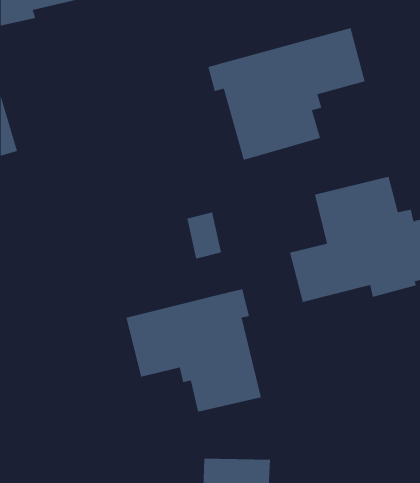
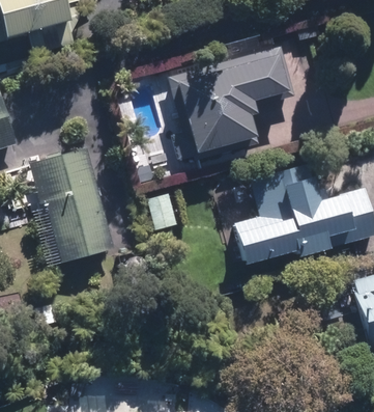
building: none -> [32,152,112,268]
building: [126,289,261,412] -> none

